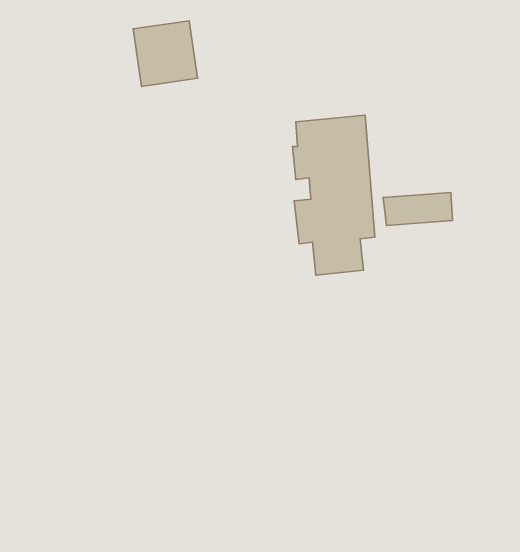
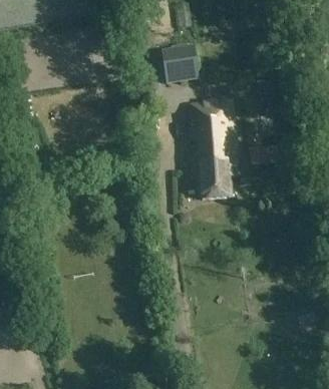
building: [133,21,197,87] -> [160,42,200,82]

